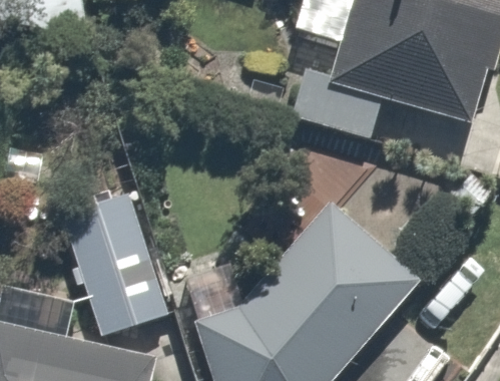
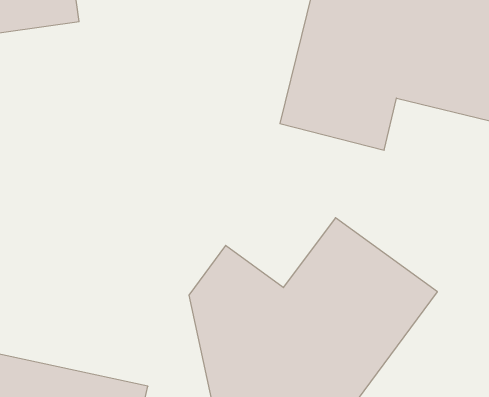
building: [59,185,186,337] -> none

